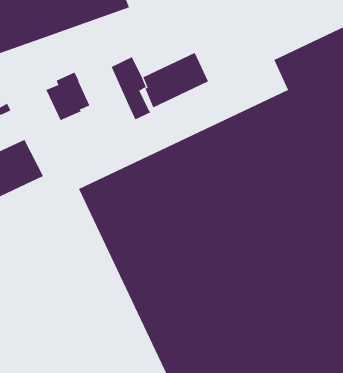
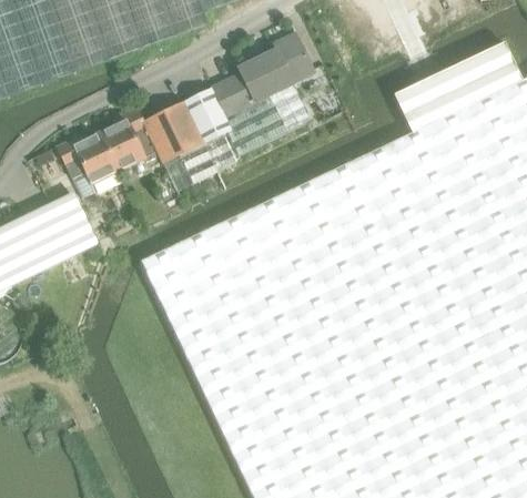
building: none -> [211,34,313,115]
building: none -> [142,102,214,190]
building: none -> [58,132,118,199]

